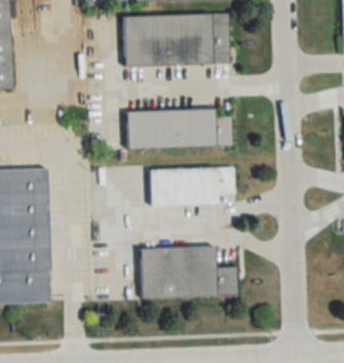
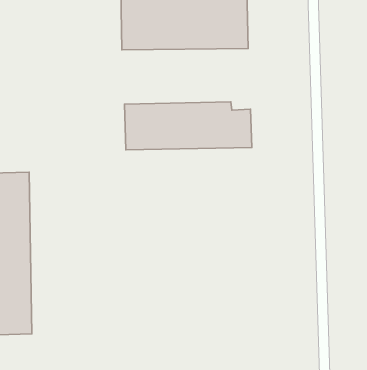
building: [150,168,233,205] -> none
building: [140,246,237,297] -> none

